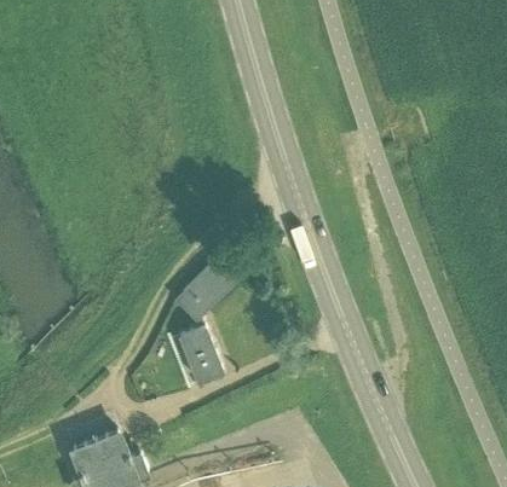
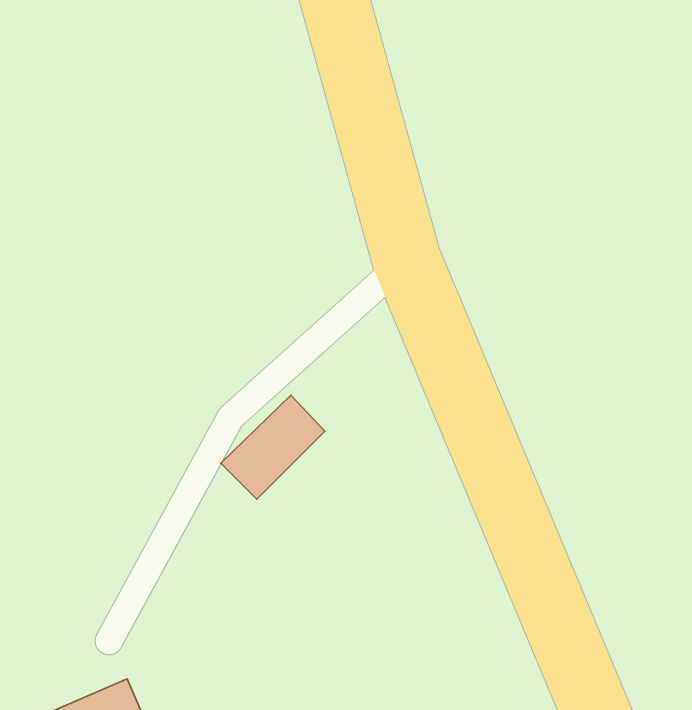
building: [180,329,221,383] -> none

